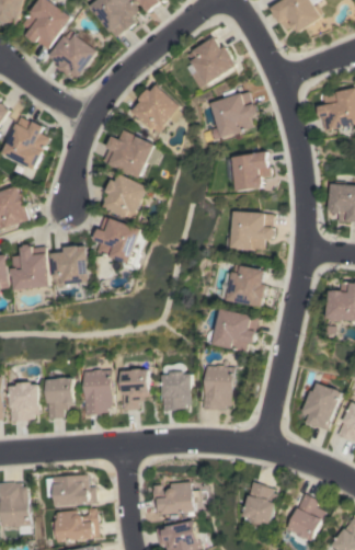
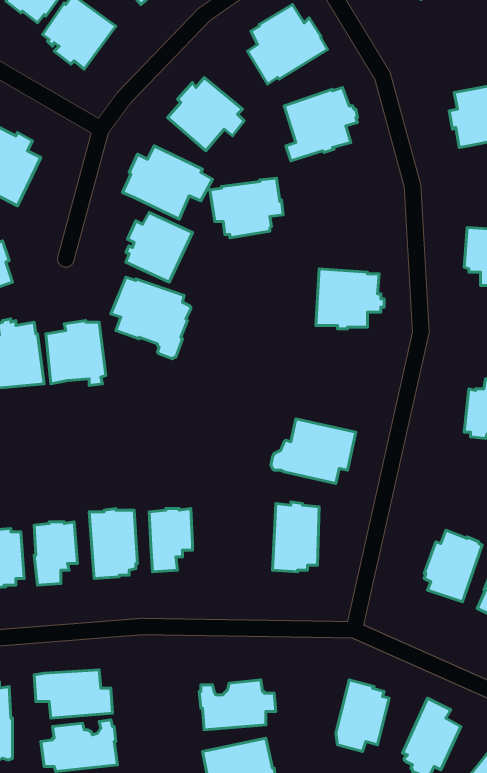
building: [222,151,271,191] -> [210,178,283,238]
building: [217,264,265,307] -> none
building: [160,363,191,410] -> none

